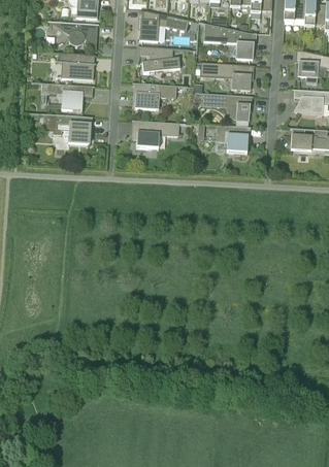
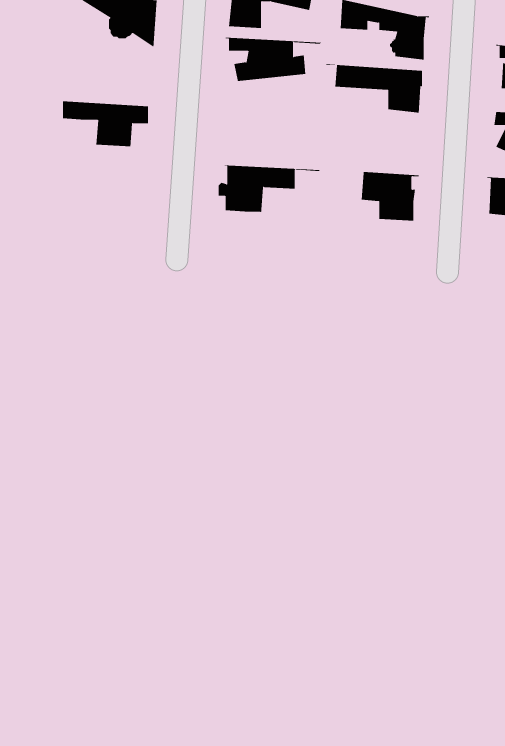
building: [42,52,96,80] -> none
building: [132,82,188,109] -> none
building: [193,93,252,121] -> none
building: [29,113,92,143] -> none

